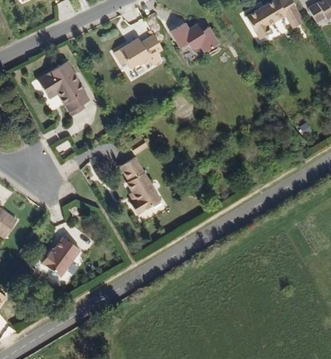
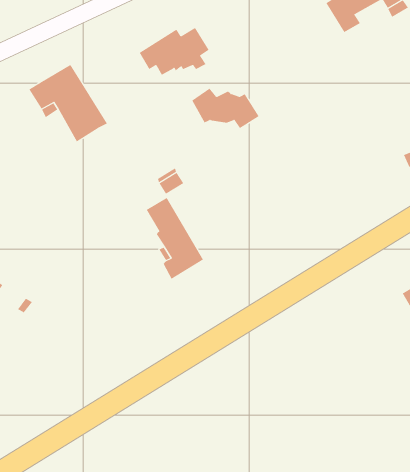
building: [177,20,225,49] -> [192,88,259,129]
building: [41,234,80,274] -> none

